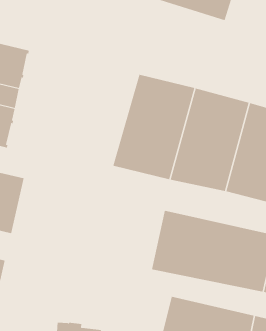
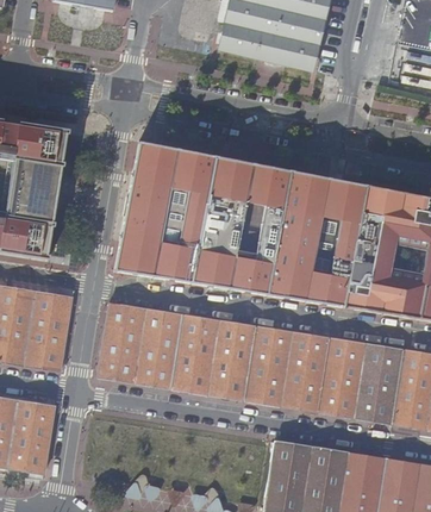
building: none -> [110,137,213,274]
building: none -> [98,305,258,406]

